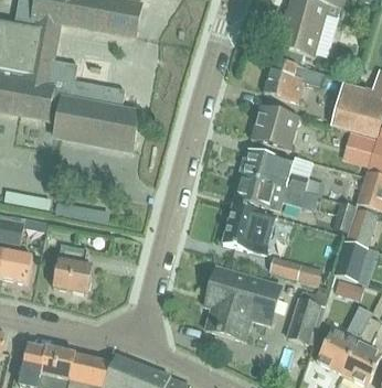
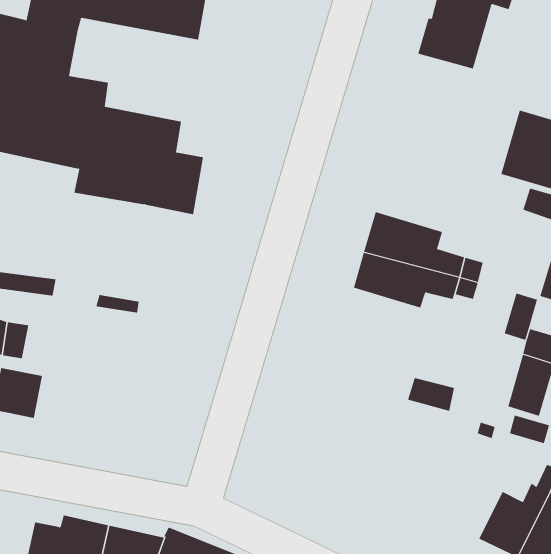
building: [264,57,321,100] -> none
building: [251,104,298,149] -> none
building: [222,203,275,252] -> none
building: [52,244,92,293] -> none
building: [204,266,280,340] -> none
building: [287,298,319,342] -> none

